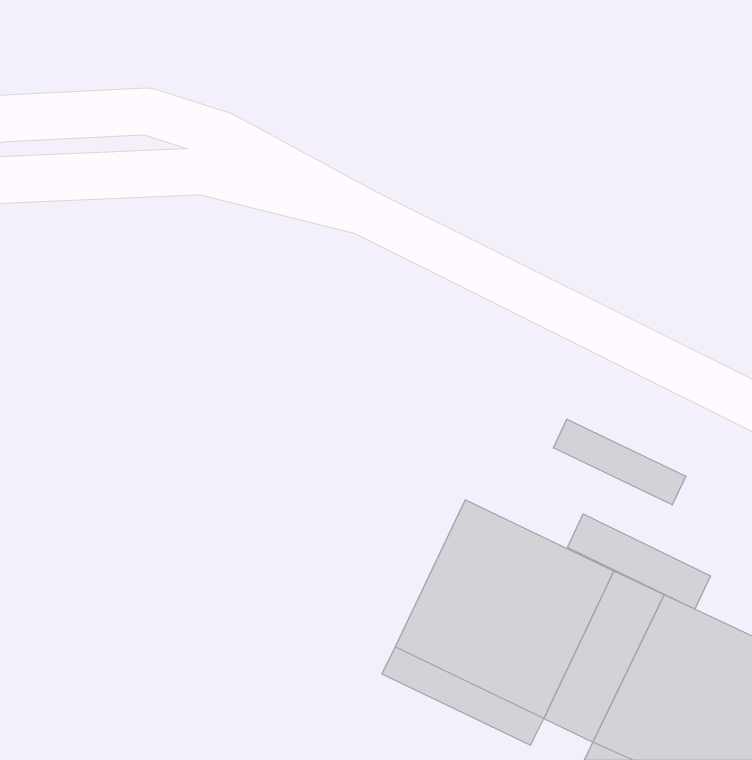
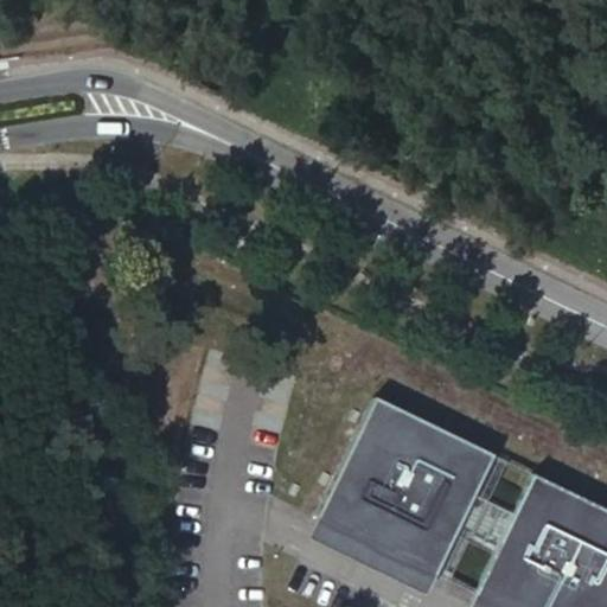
building: [553,419,686,505] -> none
building: [568,514,710,609] -> none

